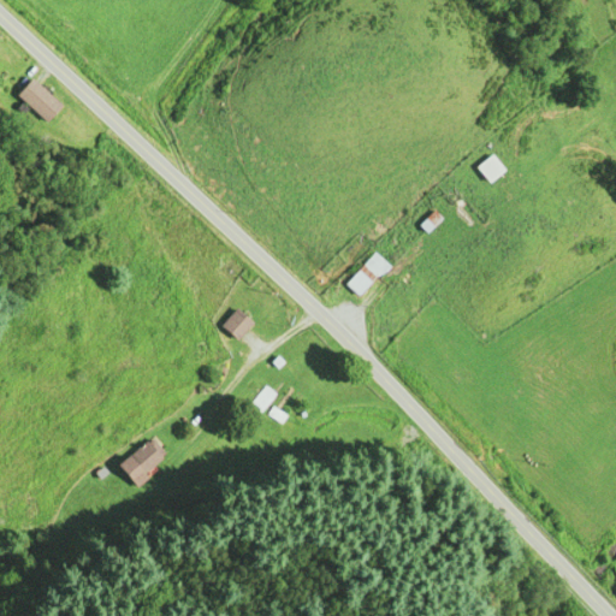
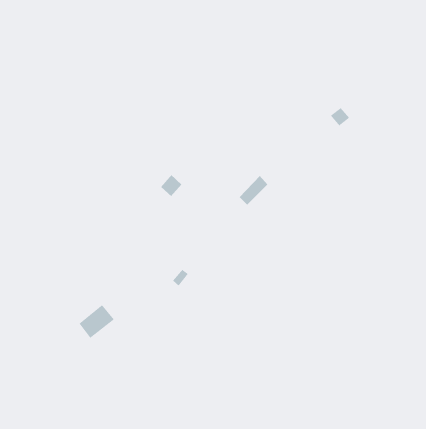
building: [19,78,64,123] -> none
building: [223,308,254,340] -> [160,174,182,197]

